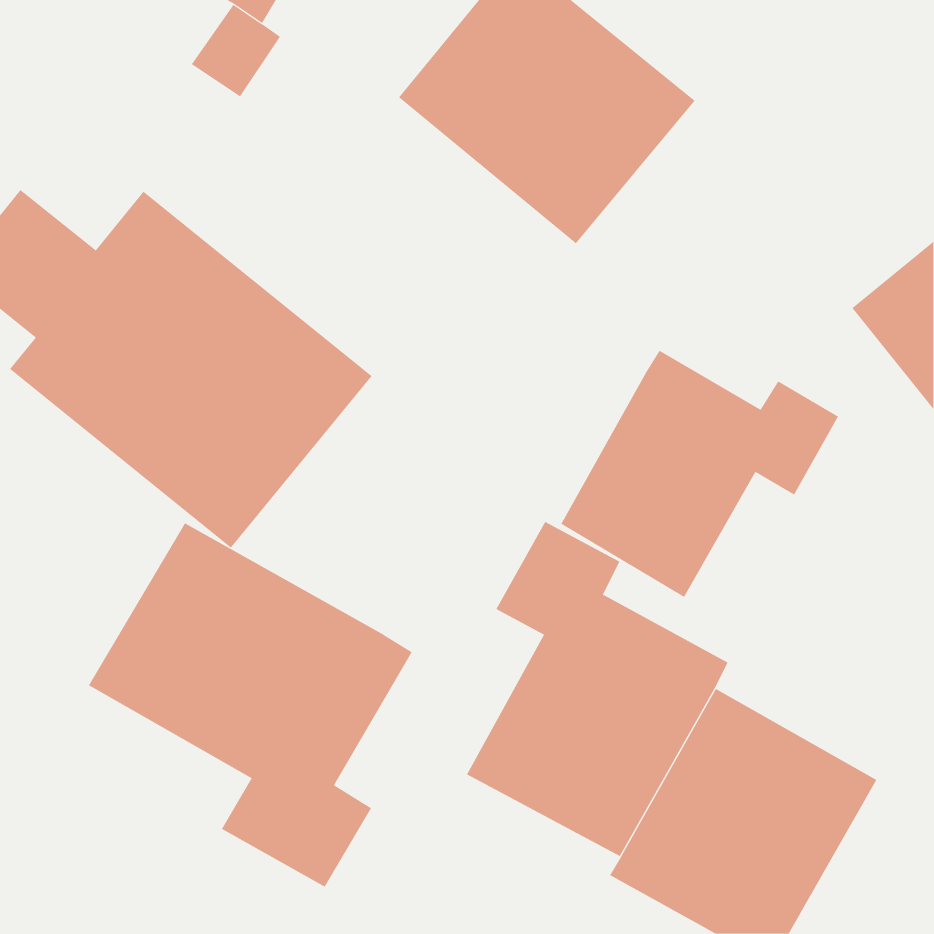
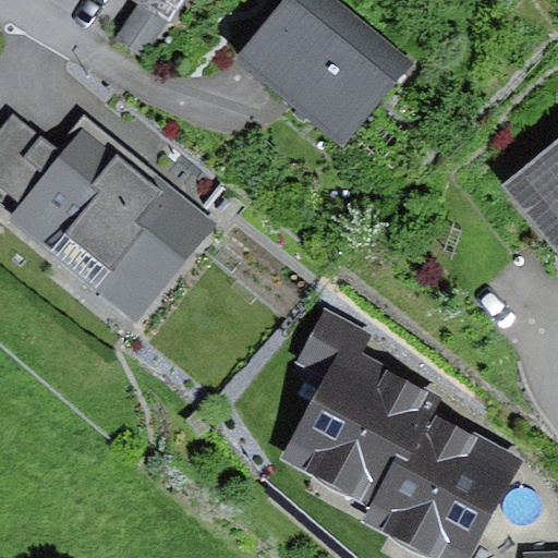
building: [560,350,839,598] -> none
building: [88,523,412,887] -> none

